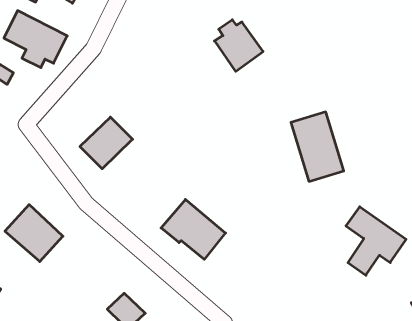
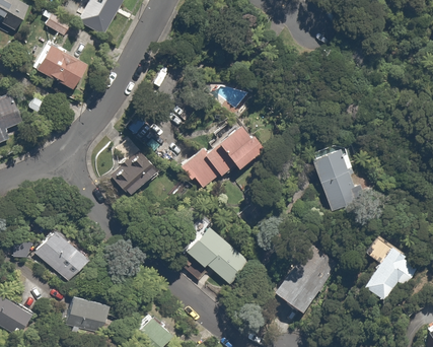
building: [214,20,263,71] -> [215,124,262,174]
building: none -> [174,143,225,189]
building: none -> [276,241,338,311]
building: none -> [65,295,109,331]

